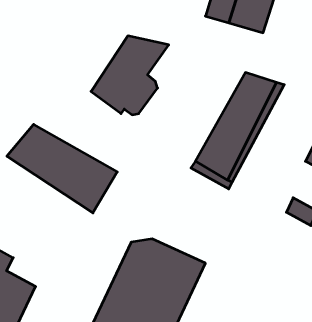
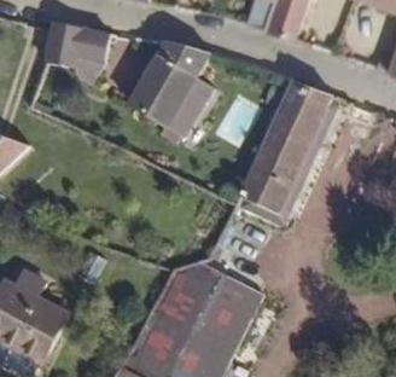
building: none -> [50,22,113,74]
building: [7,124,117,213] -> none

